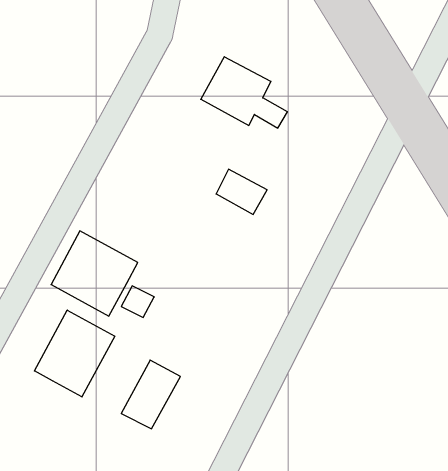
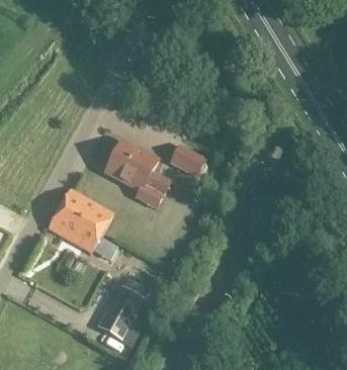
building: [201,57,287,128] -> [105,141,169,193]
building: [34,310,115,397] -> none

